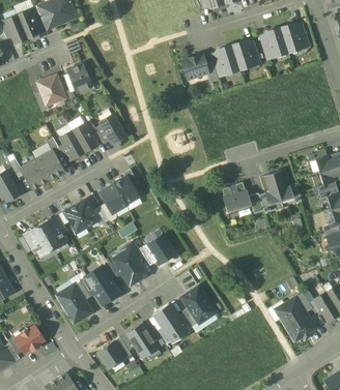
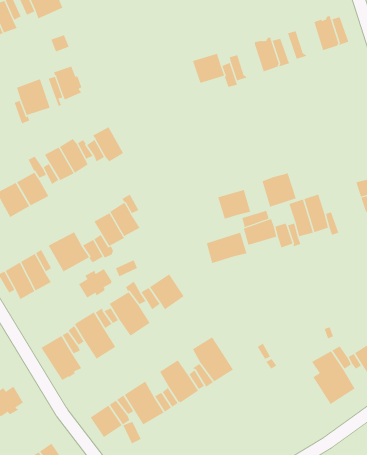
building: [265,28,288,56] -> none
building: [217,46,239,73] -> none
building: none -> [262,172,296,207]
building: none -> [217,189,251,219]
building: none -> [206,232,247,264]
building: none -> [78,268,113,298]

